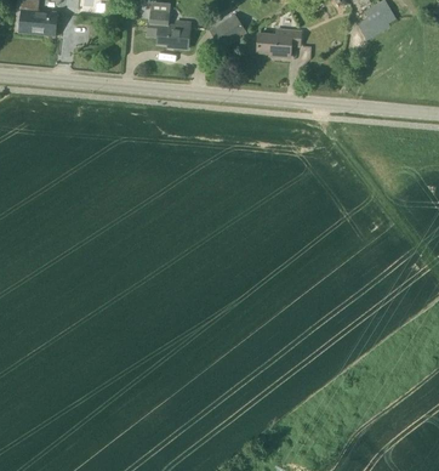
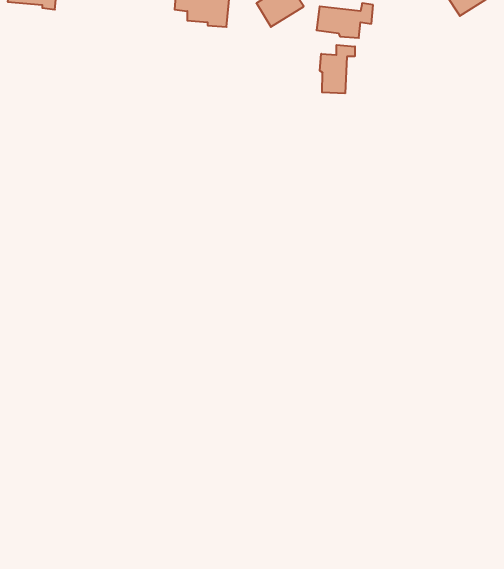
building: none -> [320,45,355,93]

